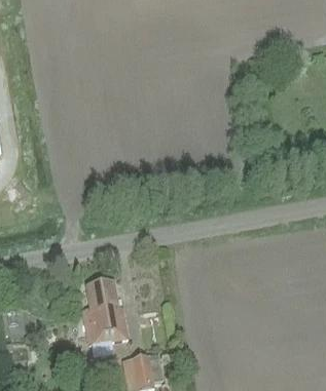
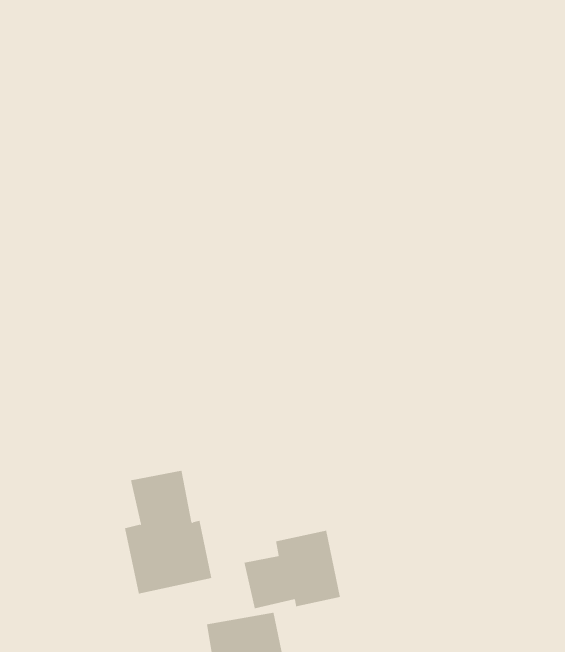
building: none -> [244,530,340,609]

